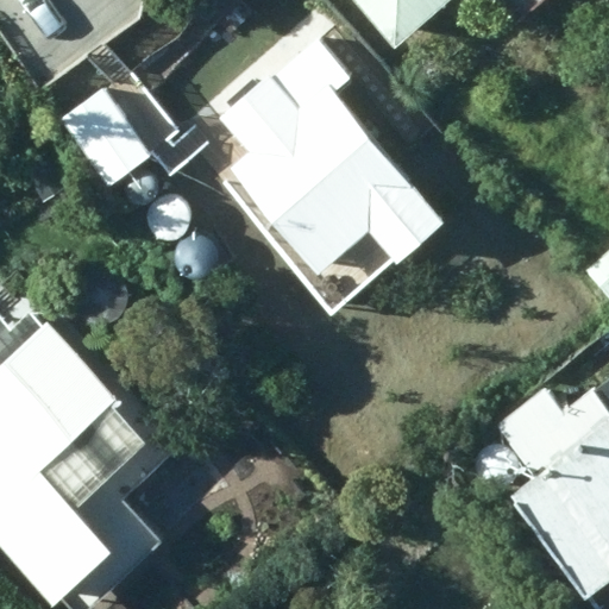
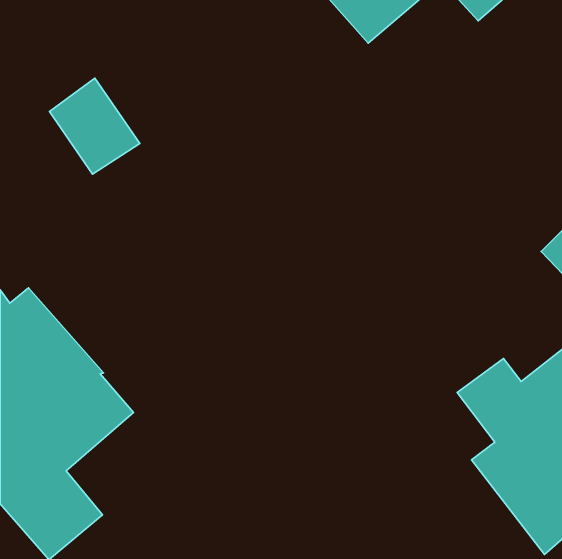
building: [222,54,444,277] -> none

